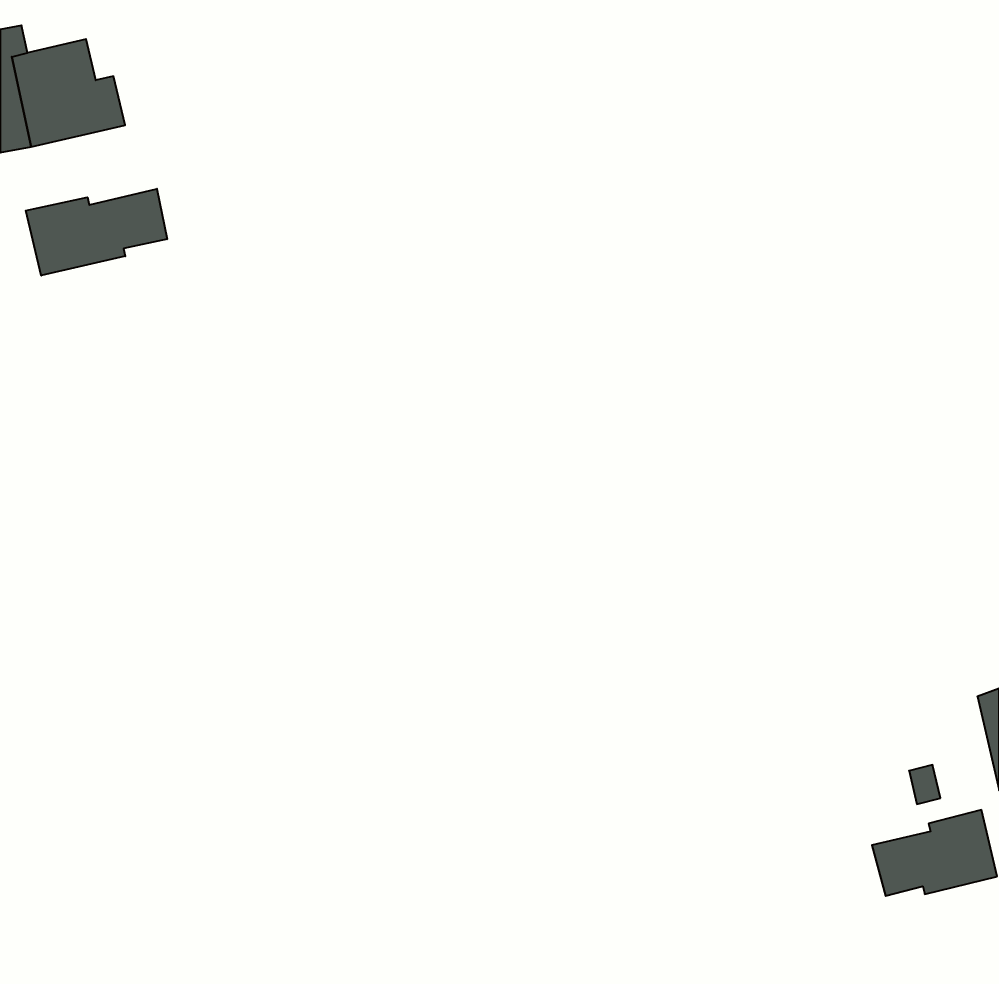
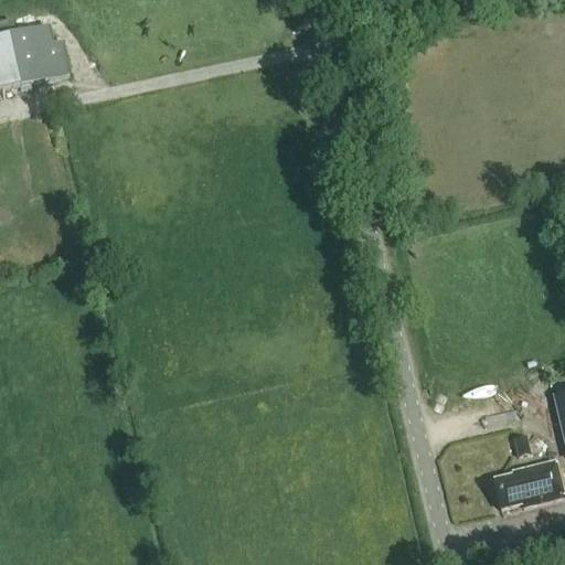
building: [26,189,167,276] -> none

